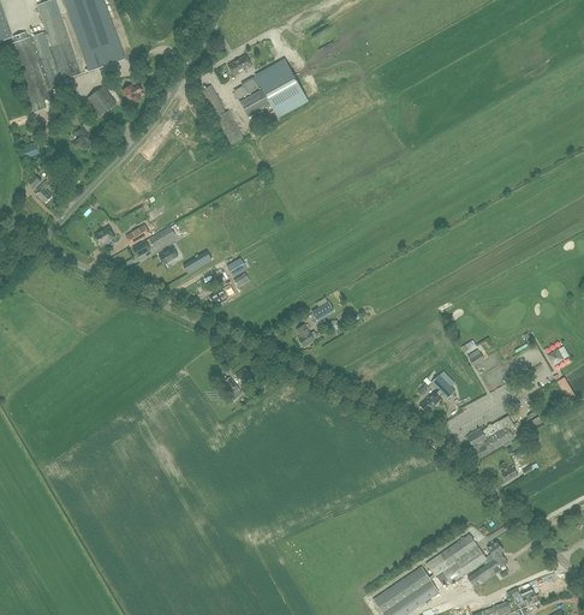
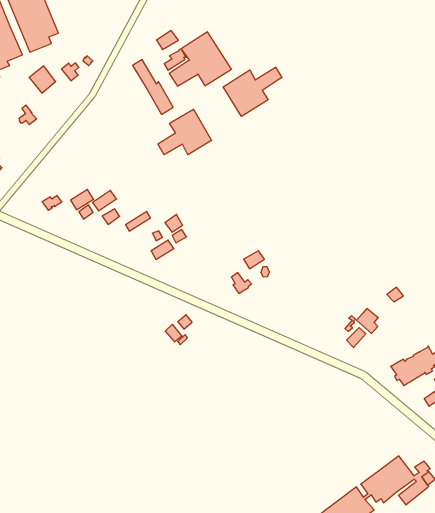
building: none -> [223,67,282,116]
building: none -> [158,109,212,155]

